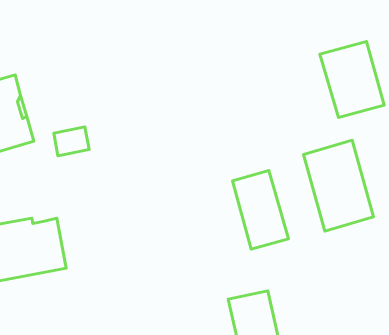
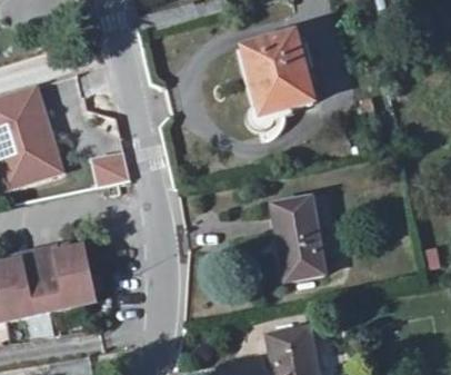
building: [320,42,384,117] -> [248,34,317,116]
building: [303,140,374,231] -> none

